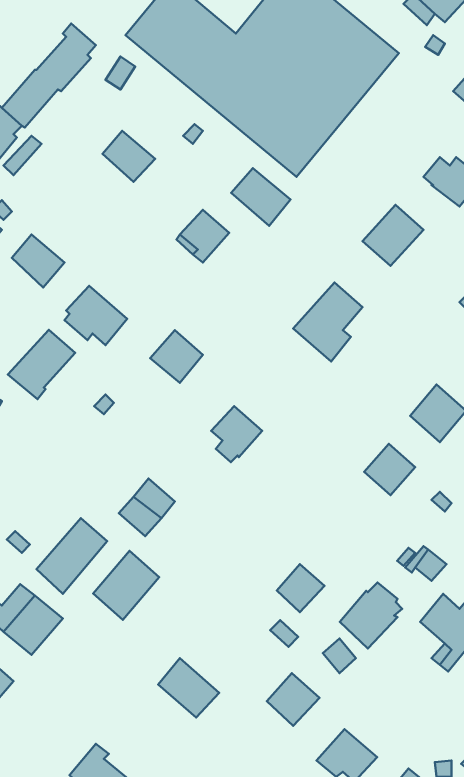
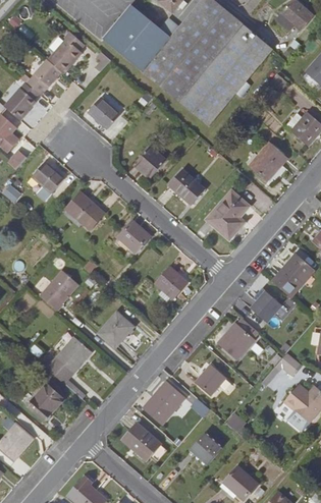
building: [231,168,291,226] -> [168,169,205,205]
building: [8,330,75,399] -> [39,268,81,311]
building: [93,551,159,620] -> [143,381,183,424]
building: [340,582,402,648] -> [218,318,257,358]

